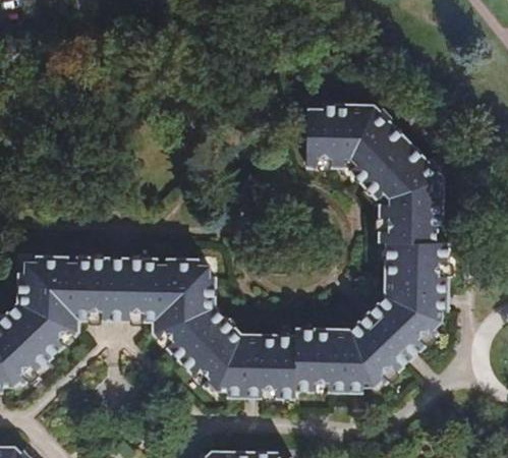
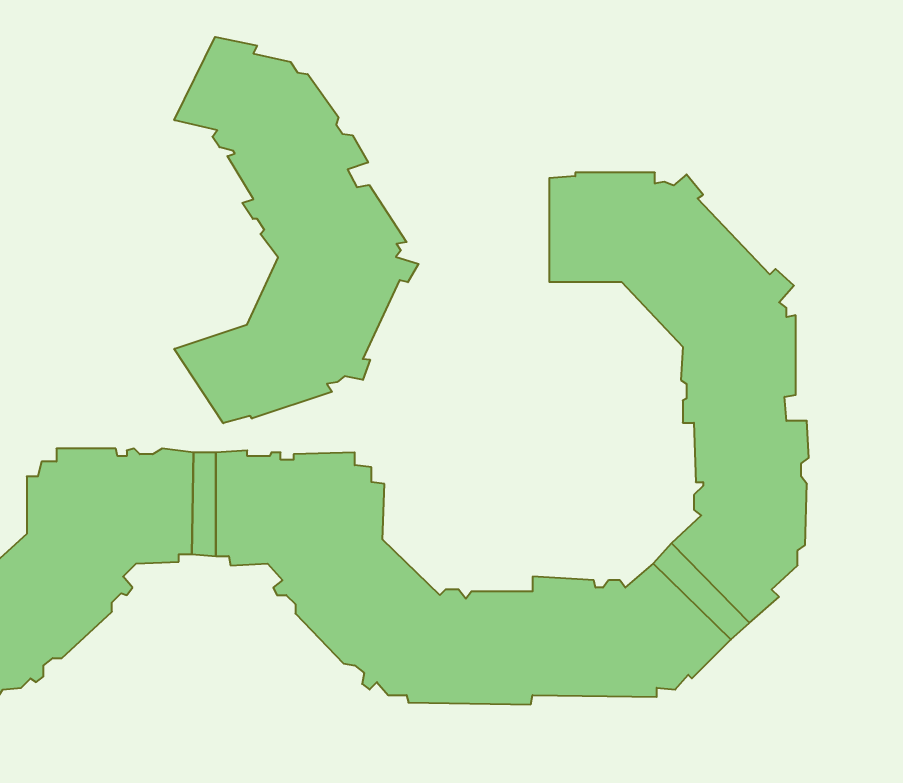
building: none -> [174,37,419,423]

